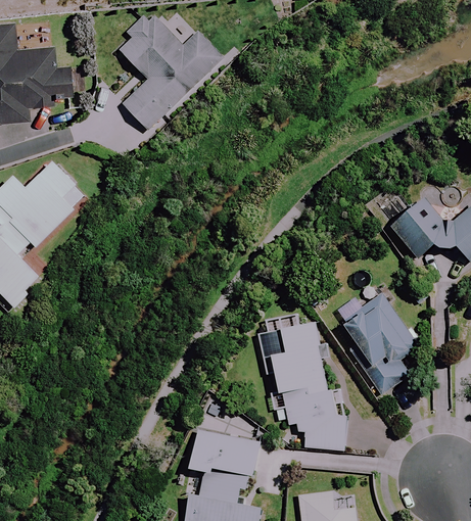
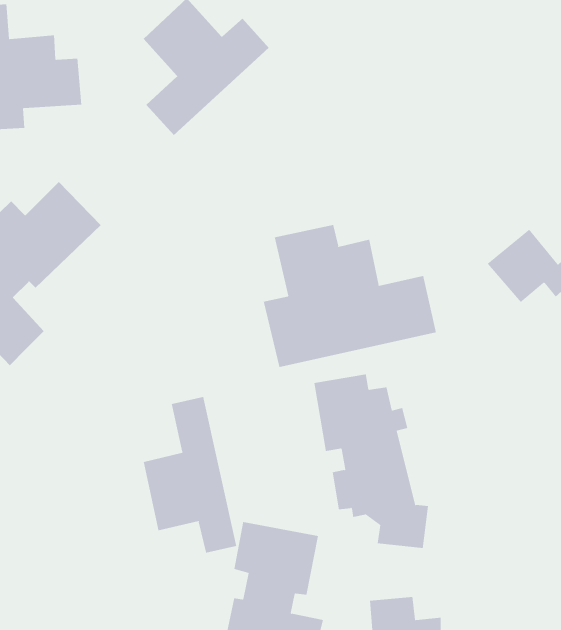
building: none -> [263,224,437,368]
building: [335,293,416,392] -> none
building: none -> [143,396,237,553]

